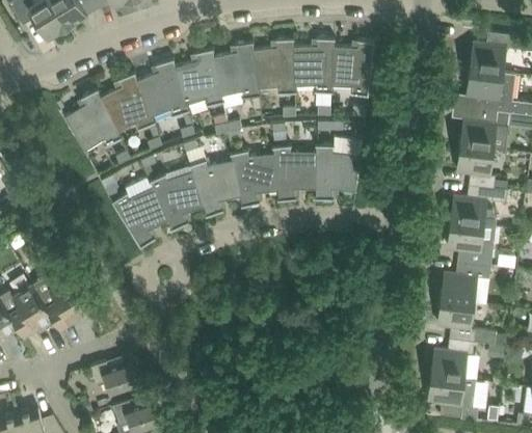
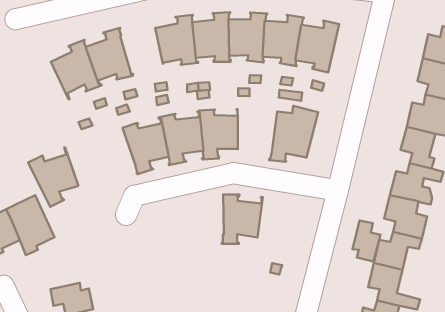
building: [136,59,189,119] -> none
building: [273,145,317,201] -> [222,194,263,244]
building: [111,182,168,248] -> [28,147,78,207]
building: none -> [353,220,380,262]

